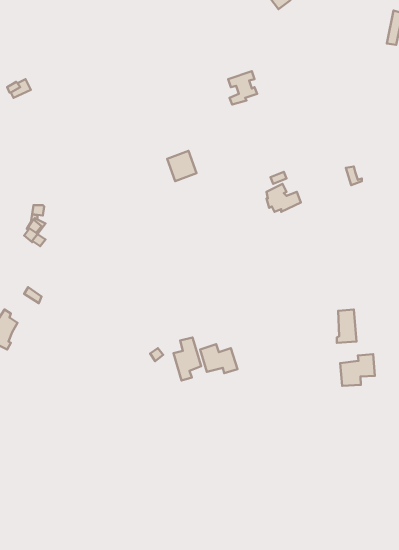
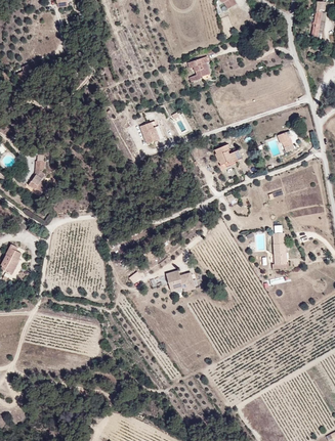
building: [174,338,201,380] -> none
building: [340,354,375,386] -> none

